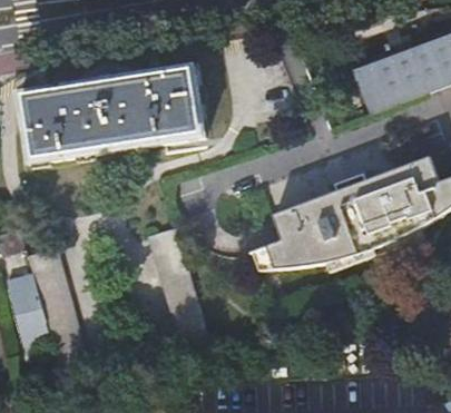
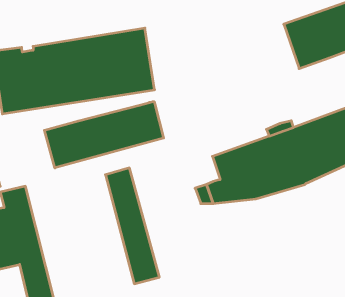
building: none -> [44,102,164,168]

